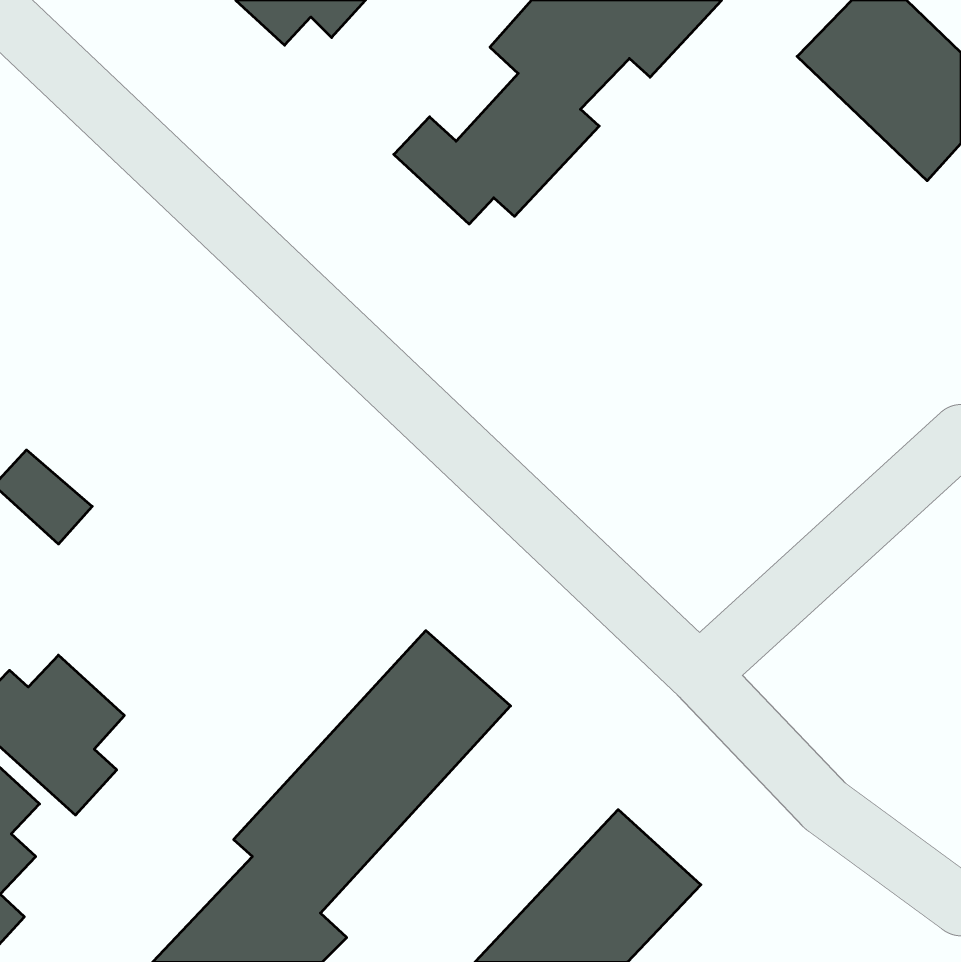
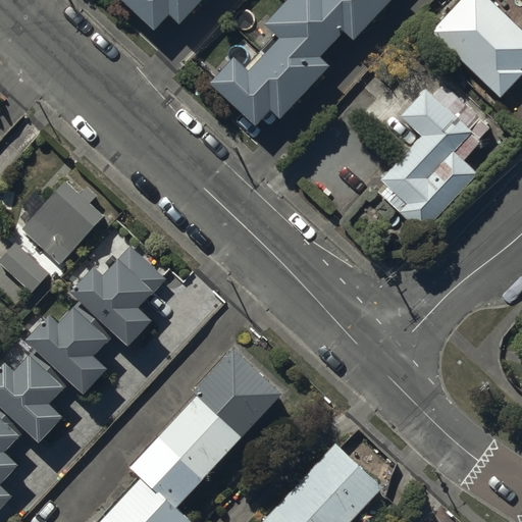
building: none -> [381,91,477,232]
building: none -> [21,181,104,265]
building: none -> [70,247,166,346]
building: none -> [24,308,110,395]

